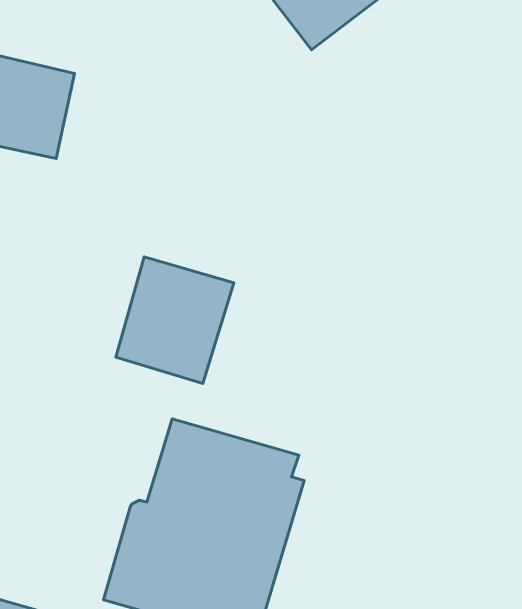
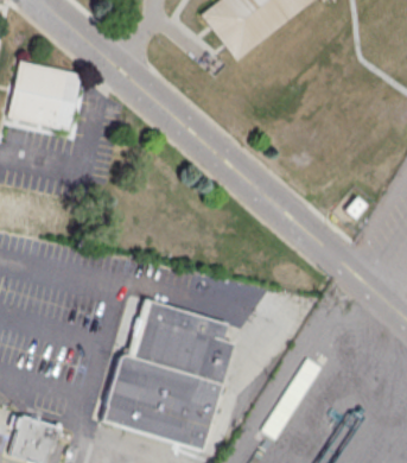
building: [116,257,234,384] -> none

